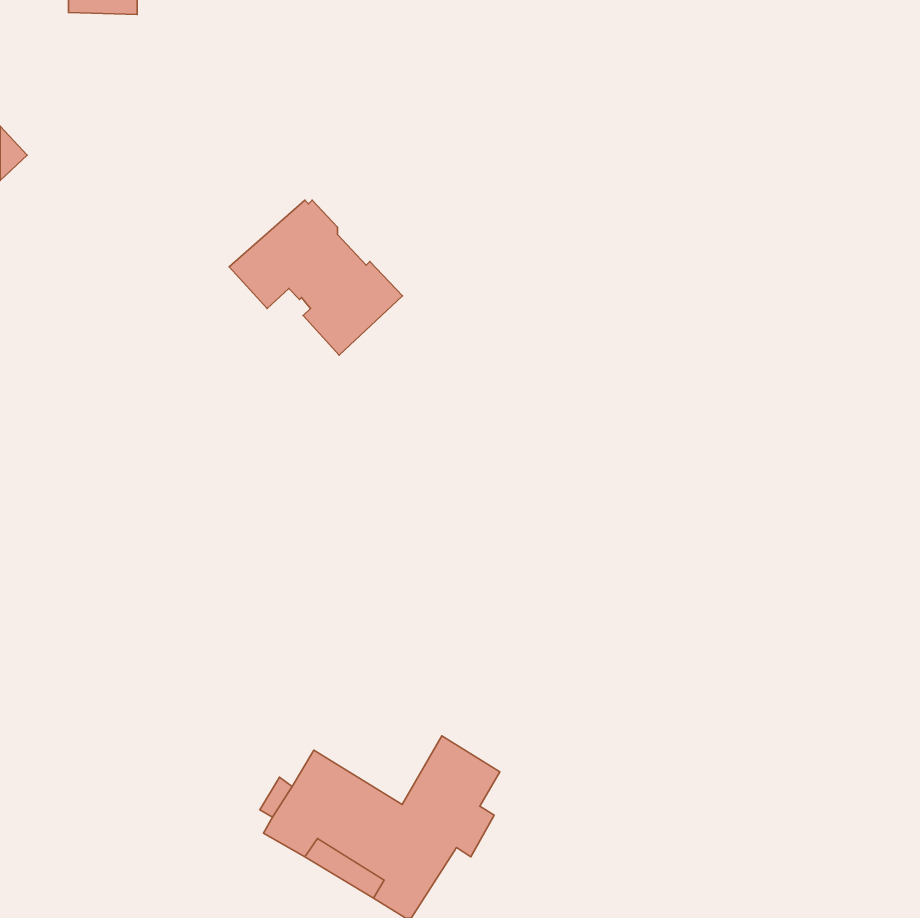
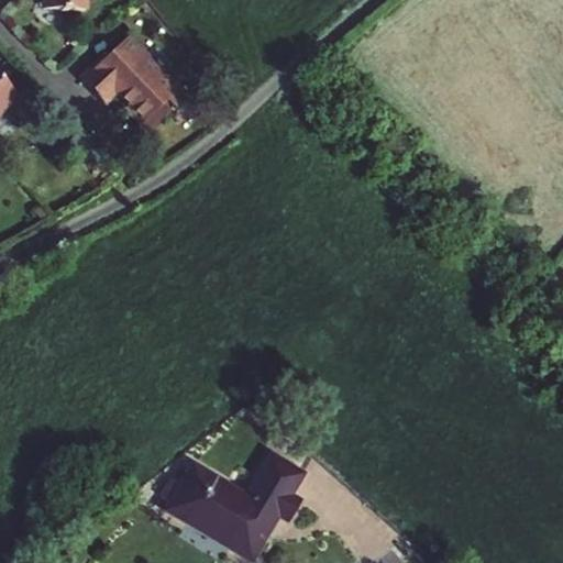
building: [229,200,402,355] -> [80,37,186,132]

